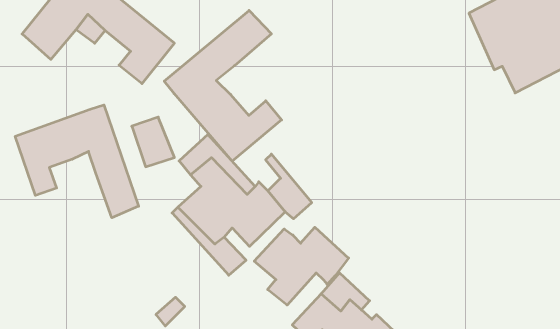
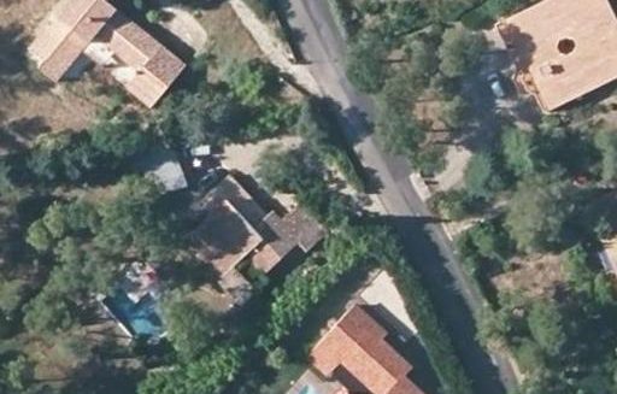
building: [164,10,282,161] -> none
building: [15,105,139,218] -> none
building: [254,227,349,305] -> none

